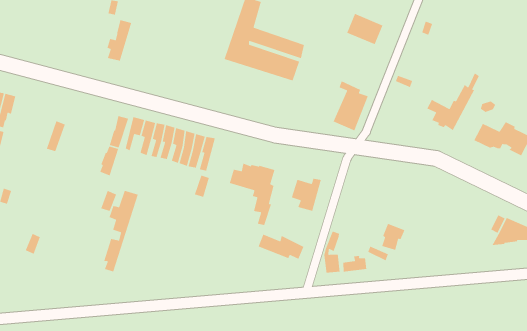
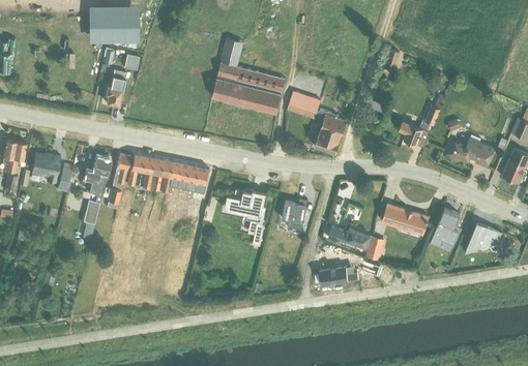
building: [346,13,383,45] -> [287,92,320,120]
building: none -> [30,154,60,183]
building: none -> [381,204,429,236]
building: [103,190,139,273] -> [82,156,110,232]
building: none -> [430,209,458,246]
building: [257,234,304,260] -> [327,226,370,248]

